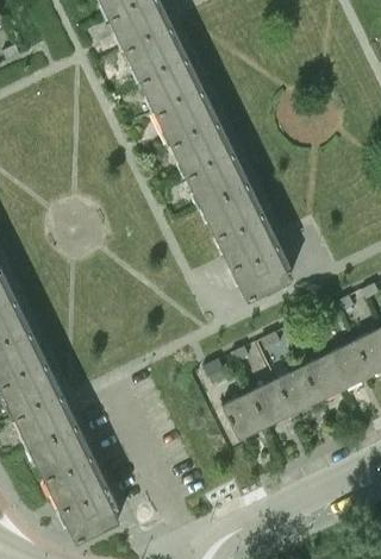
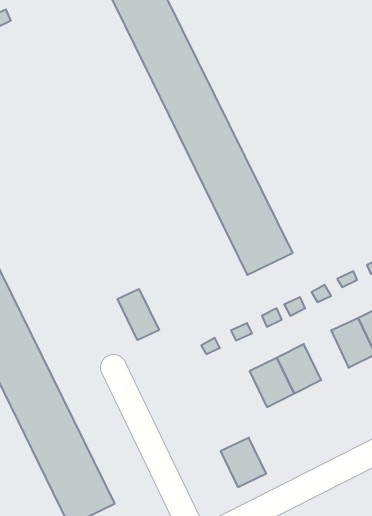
building: none -> [117,289,159,340]
building: [302,352,345,400] -> none
building: [223,391,267,439] -> [221,438,266,487]

